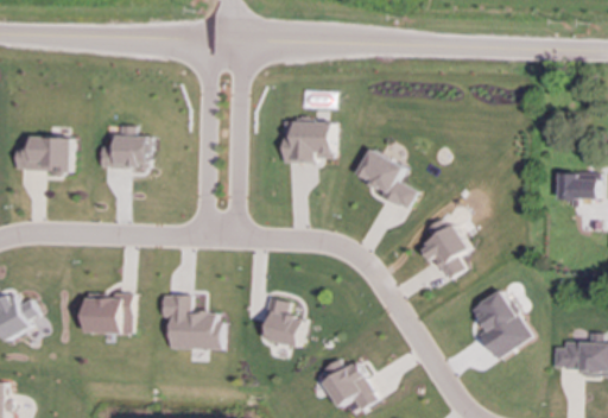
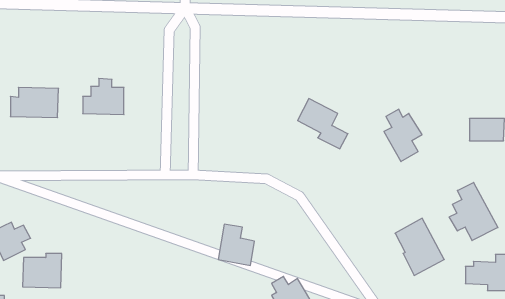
building: [283,120,332,162] -> none
building: [423,218,468,280] -> [384,109,422,162]
building: none -> [449,182,498,241]
building: [87,292,133,332] -> [23,254,62,288]
building: [163,294,222,348] -> none

